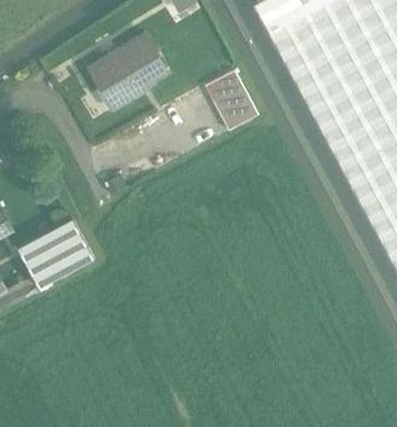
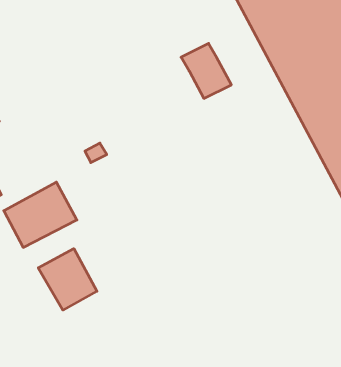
building: [90,35,169,109] -> none
building: none -> [38,249,97,310]

